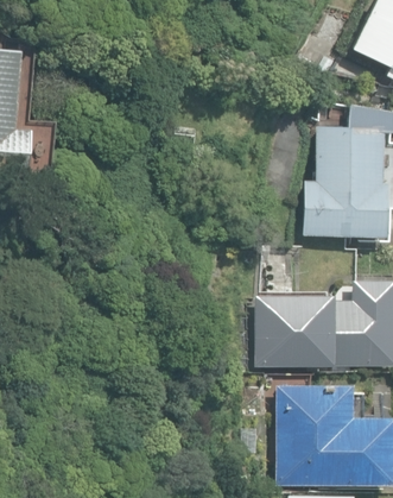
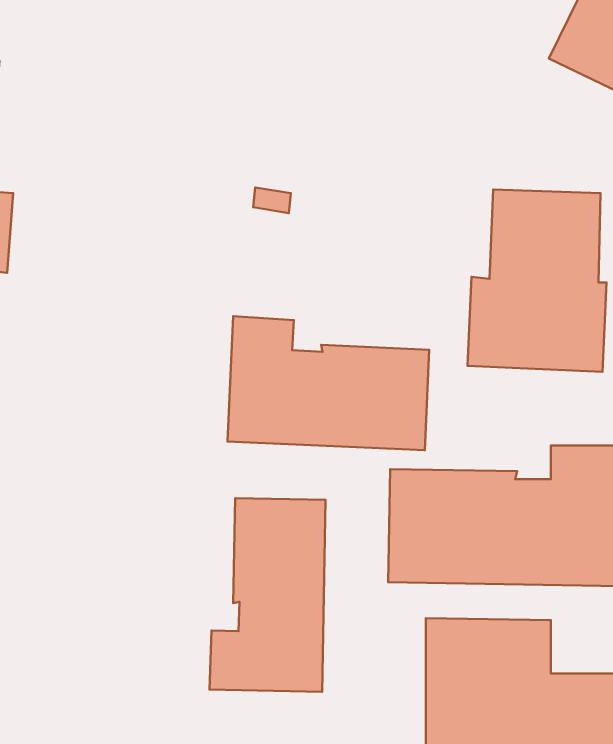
building: none -> [227,316,429,450]
building: none -> [210,498,325,692]

